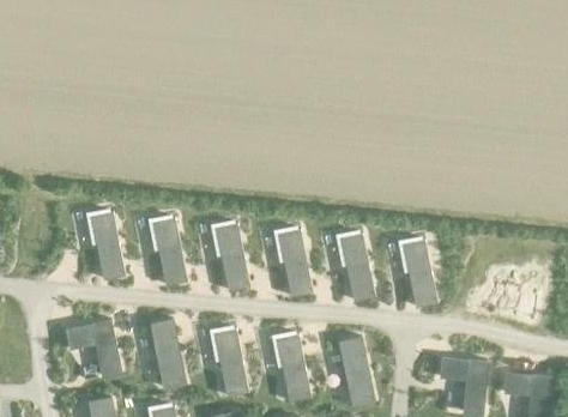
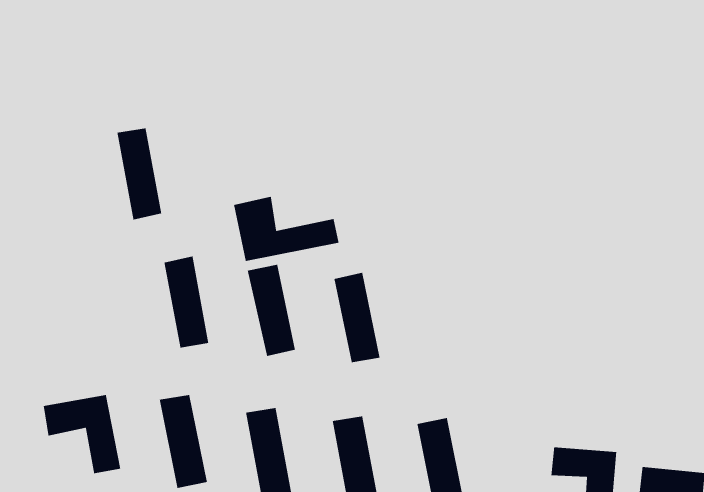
building: none -> [233,196,339,262]
building: [90,211,123,279] -> [117,127,162,220]
building: [339,232,374,301] -> none
building: [400,238,434,307] -> none

